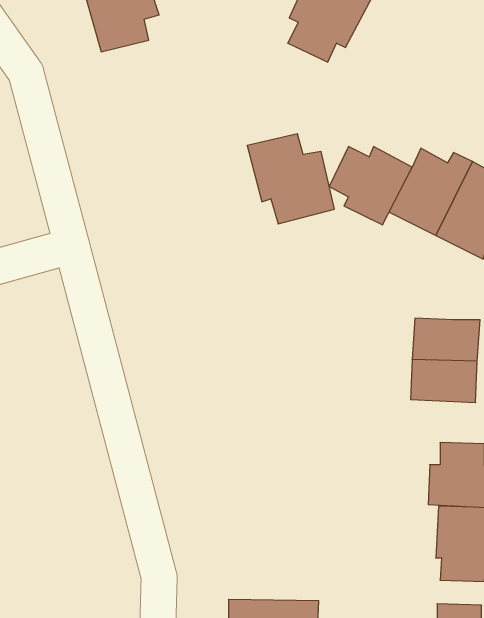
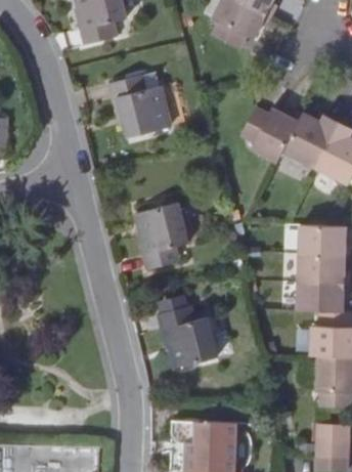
building: [247,134,334,224] -> [107,72,168,134]
building: none -> [136,201,186,265]
building: none -> [298,282,344,311]
building: none -> [155,301,215,368]

